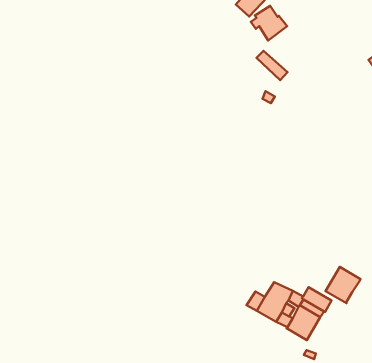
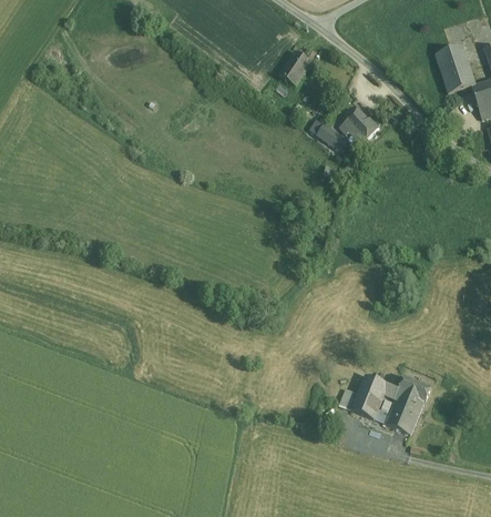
building: [251,6,287,41] -> [339,107,380,145]
building: [326,267,361,303] -> none

